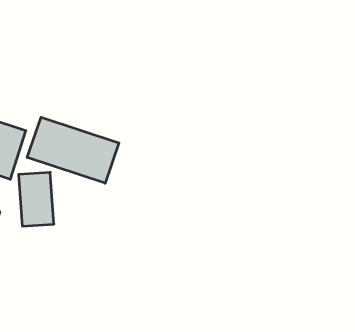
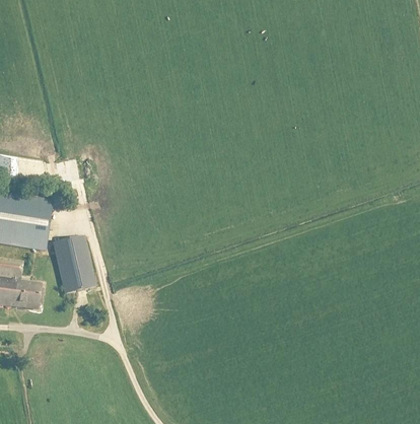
building: [27,117,119,183] -> none

